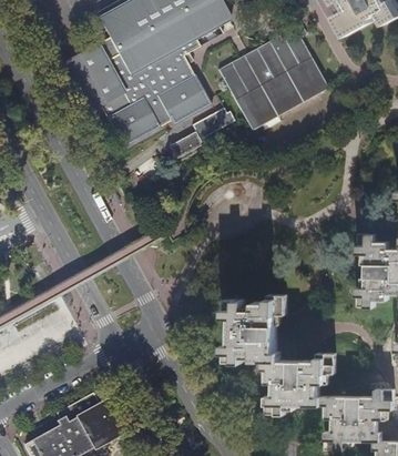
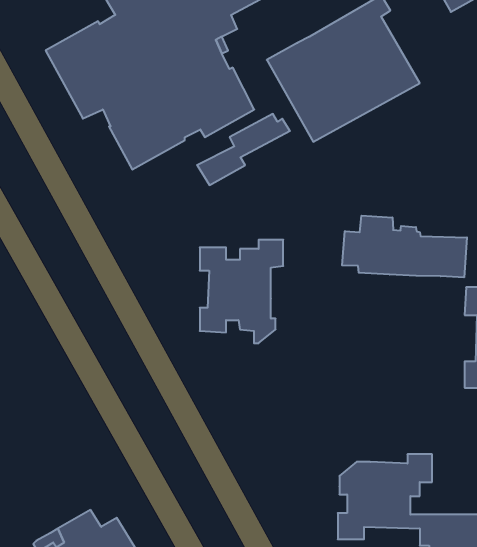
building: none -> [342,216,467,277]
building: [227,294,287,368] -> [200,240,283,343]

